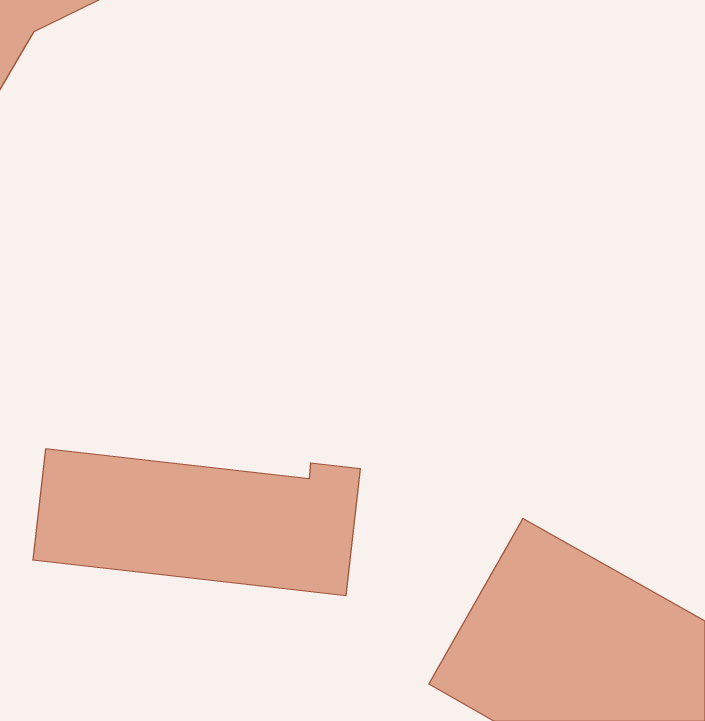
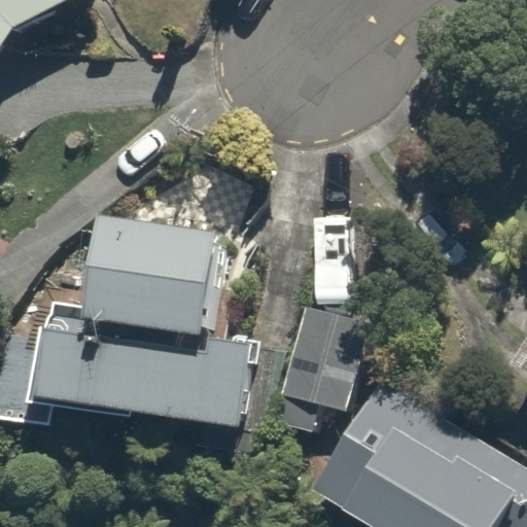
building: none -> [102,222,231,336]
building: none -> [278,303,361,410]

